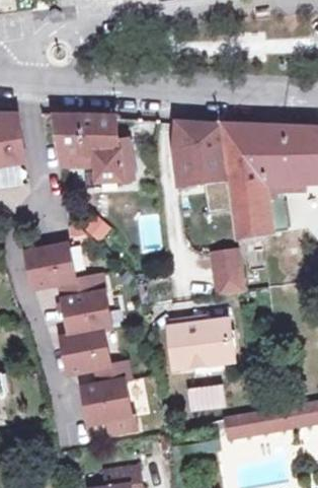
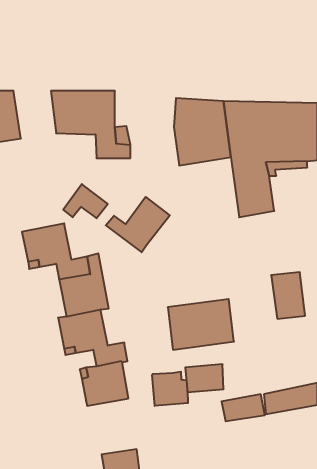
building: none -> [106,197,170,252]
building: [212,247,245,292] -> [271,272,305,319]
building: none -> [152,372,188,406]

